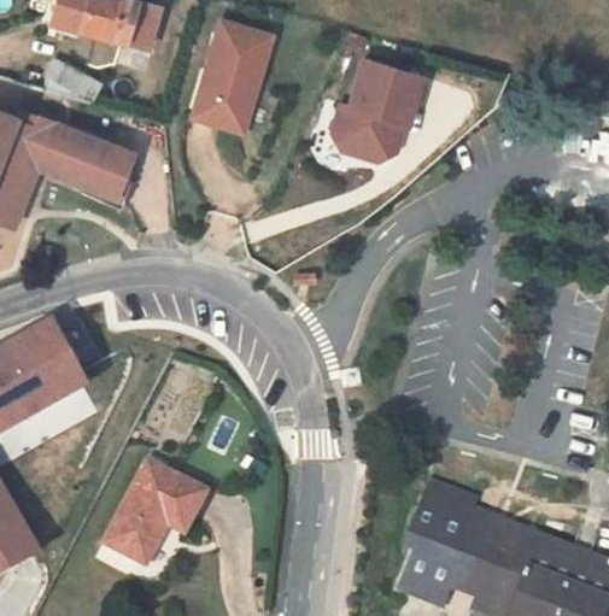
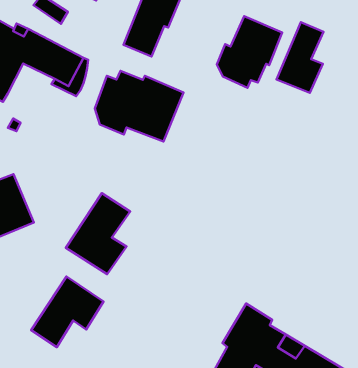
building: none -> [277,22,324,93]
building: none -> [95,71,183,142]
building: none -> [66,193,130,274]

